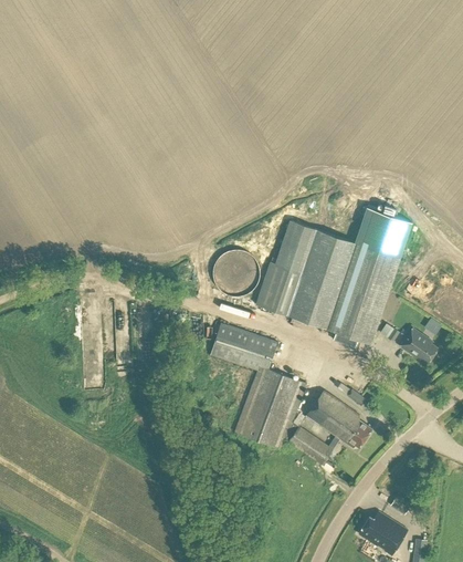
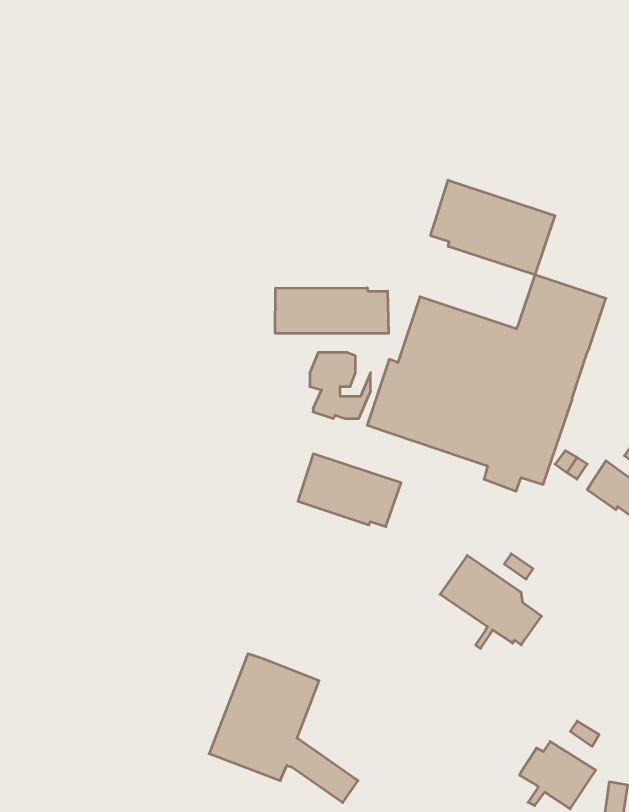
building: none -> [431,180,555,275]
building: none -> [275,288,389,333]
building: [233,367,330,465] -> [209,654,358,803]

